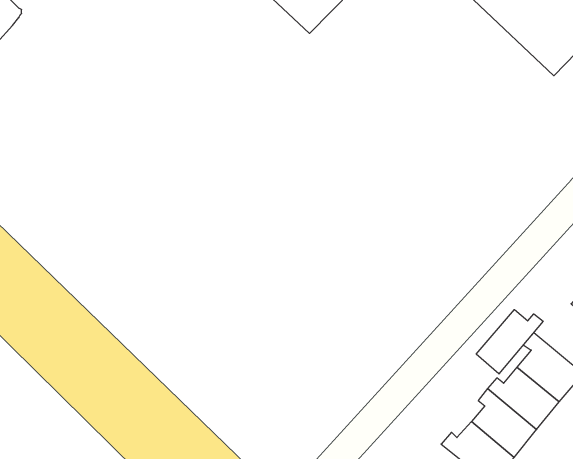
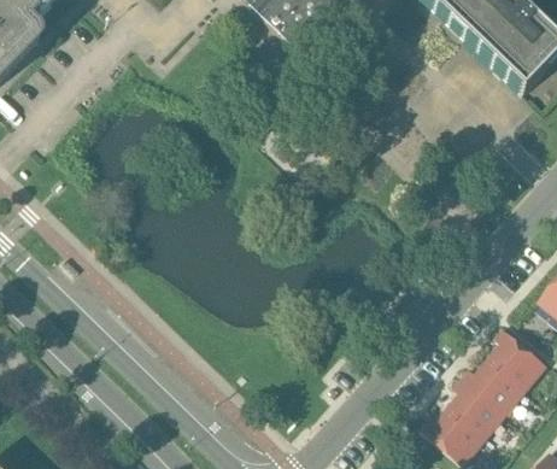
building: [476,310,543,374] -> none

